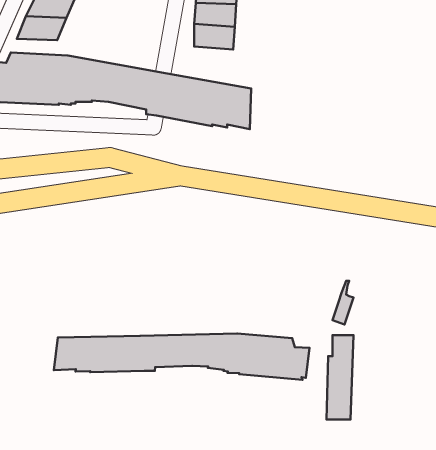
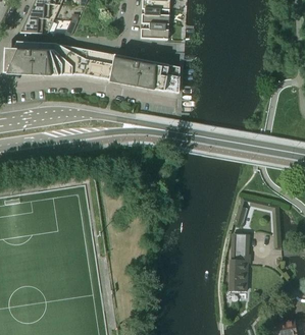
building: [54,334,309,380] -> none

